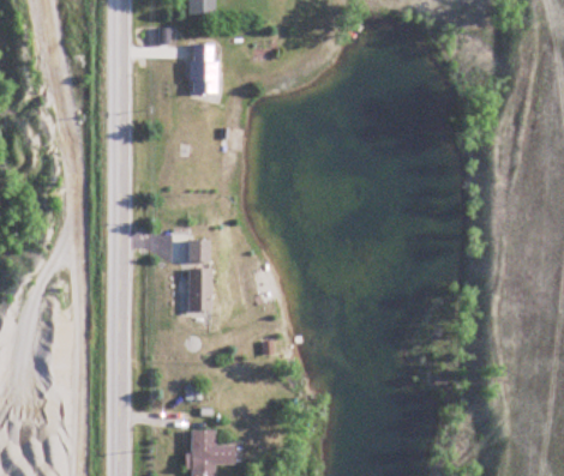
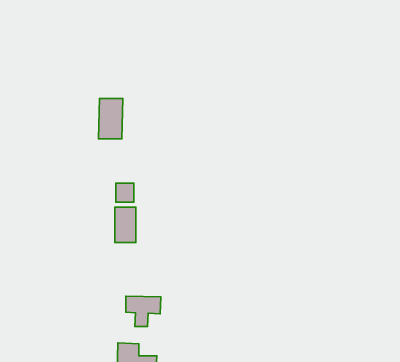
building: [190,43,218,91] -> [99,98,123,139]
building: none -> [126,296,161,327]

